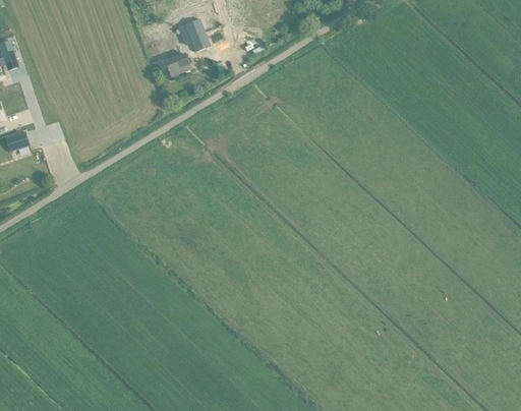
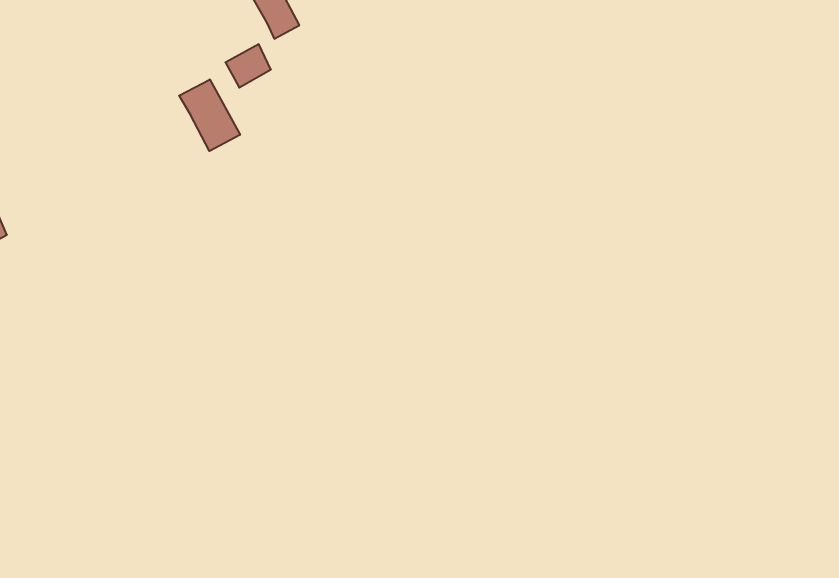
building: none -> [179,79,240,151]

